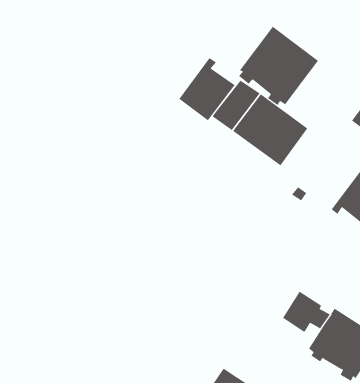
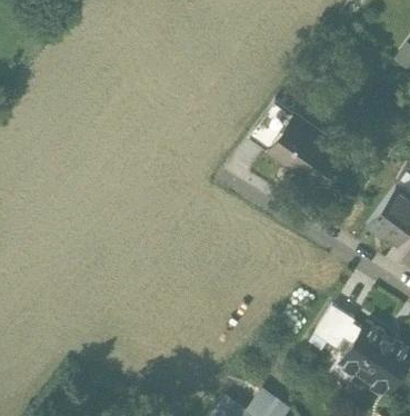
building: [238,26,319,106] -> none
building: [179,57,236,121] -> none

